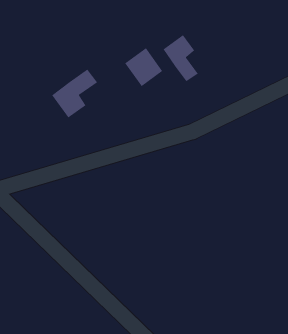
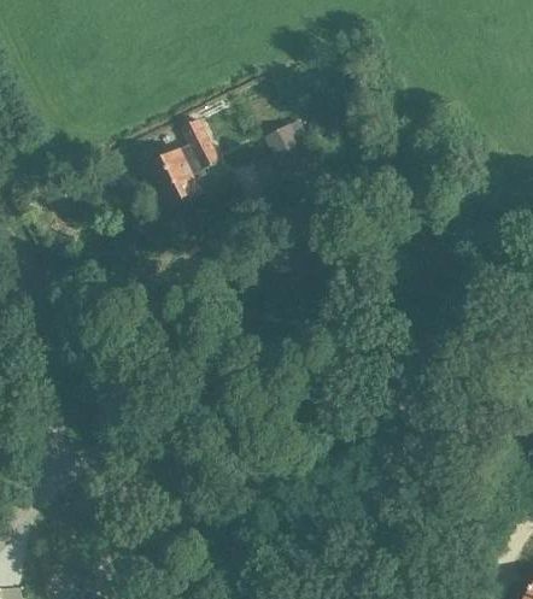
building: [162,34,199,82] -> none

